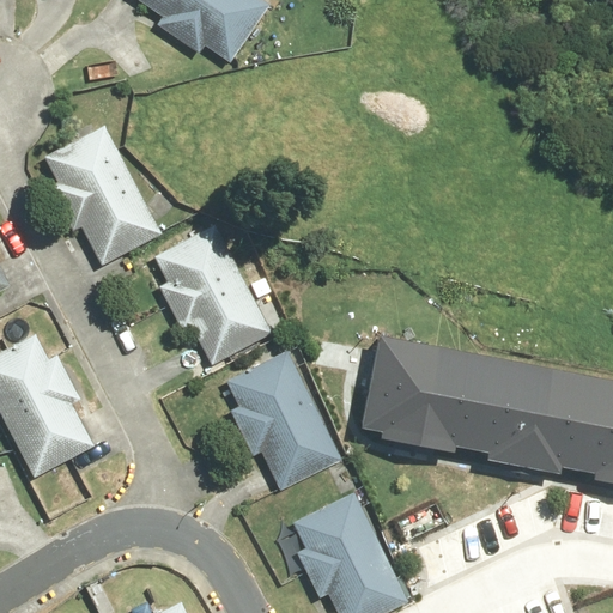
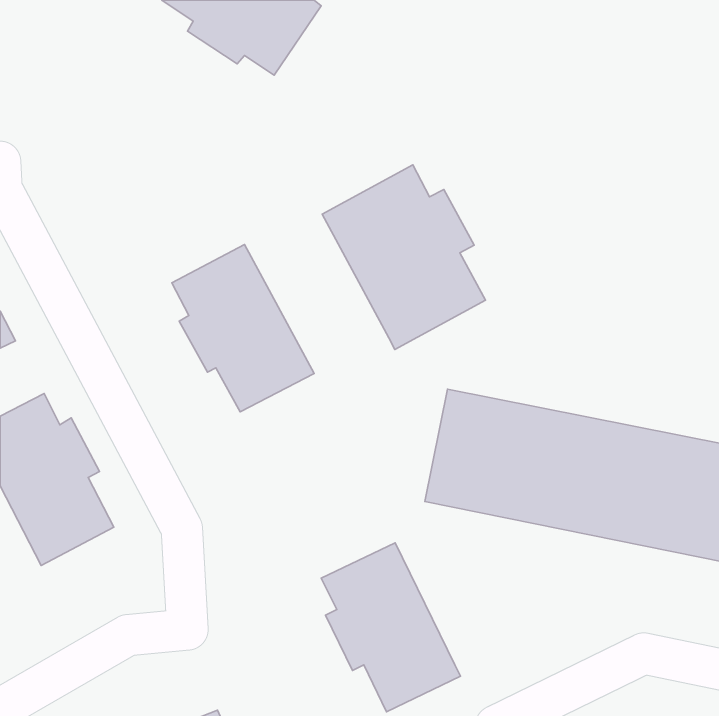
building: [34,103,152,244] -> none
building: none -> [322,165,486,350]
building: [210,328,327,469] -> none

